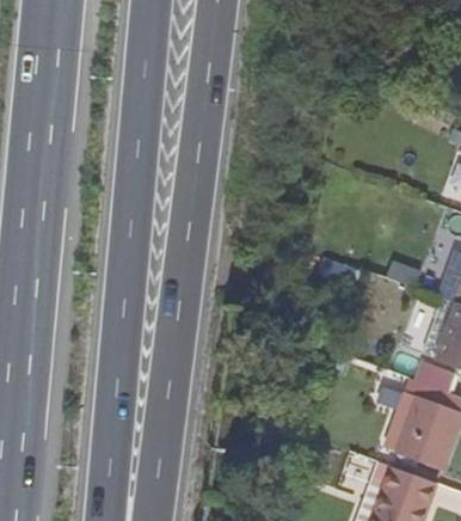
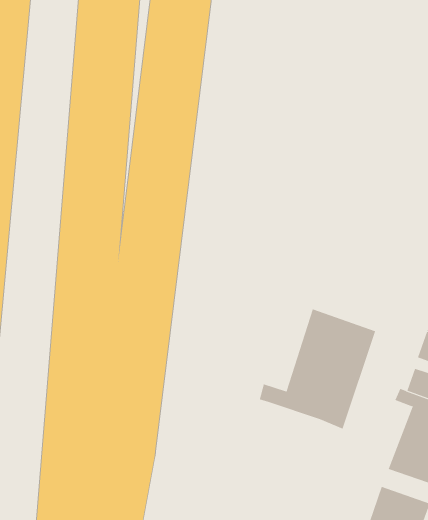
building: none -> [259,309,376,430]

